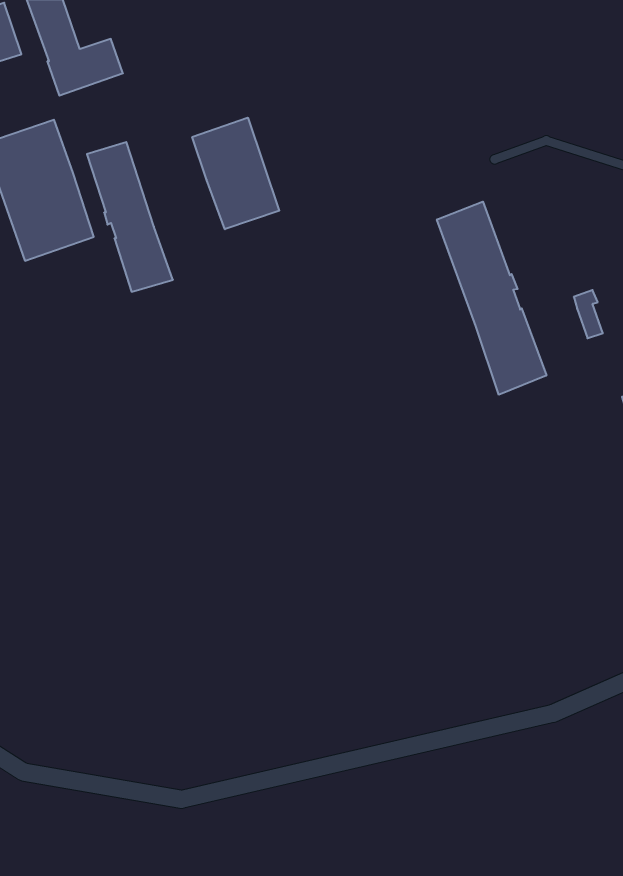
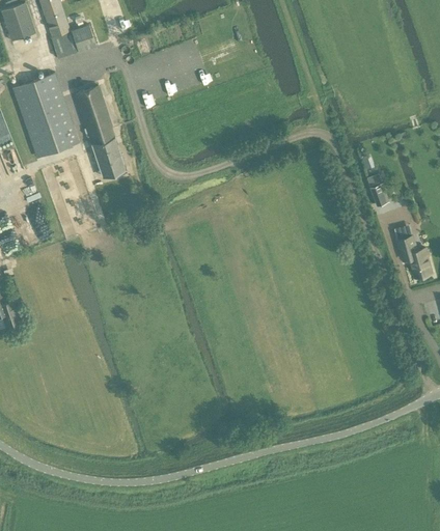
building: [192,118,279,229] -> none
building: [437,202,546,395] -> none

